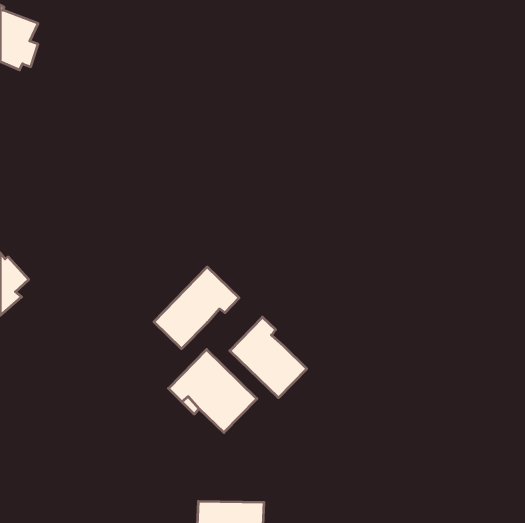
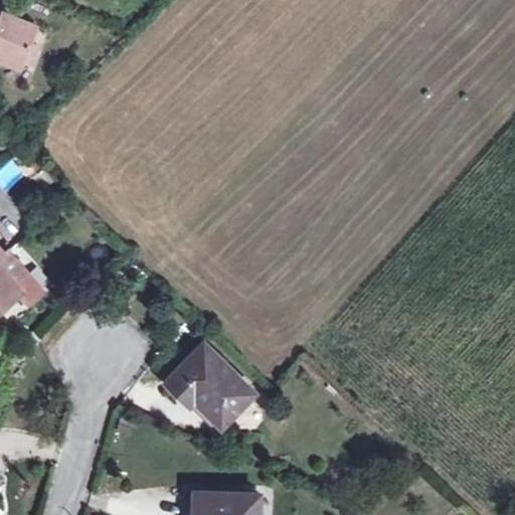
building: [154,267,239,349] -> none
building: [230,317,307,398] -> none

